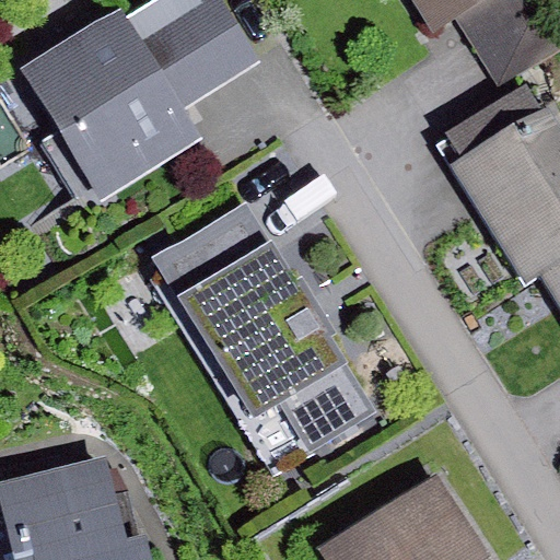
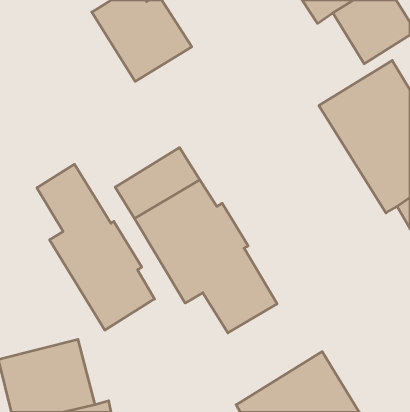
building: [21,7,203,214] -> none
building: none -> [37,164,155,330]

